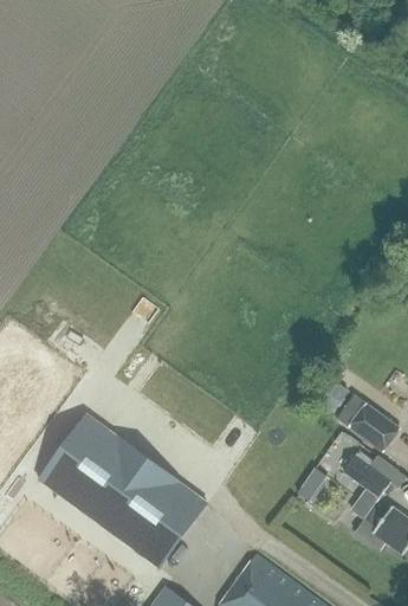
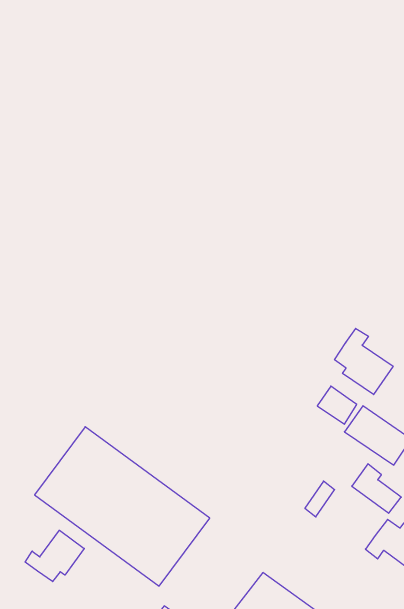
building: none -> [335,328,393,395]
building: none -> [25,530,84,582]

